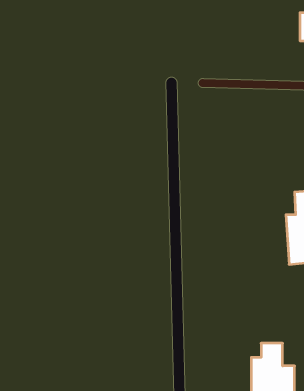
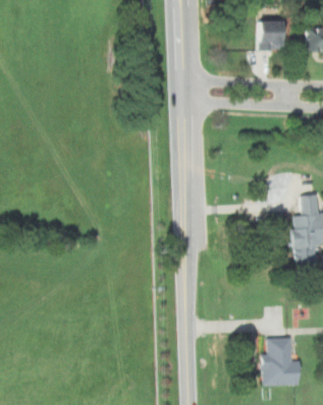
building: none -> [258,22,281,51]

